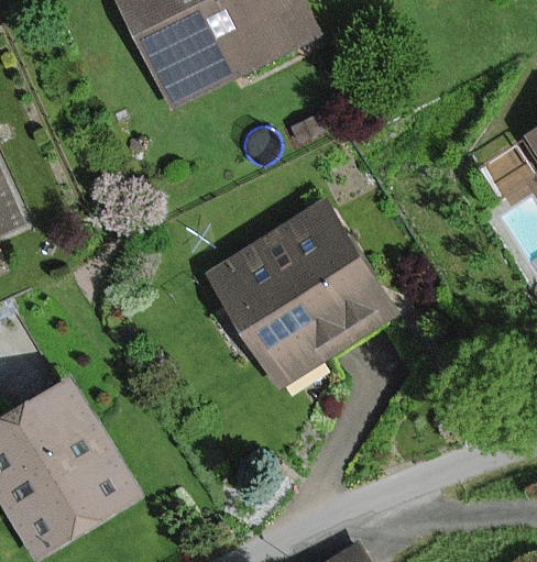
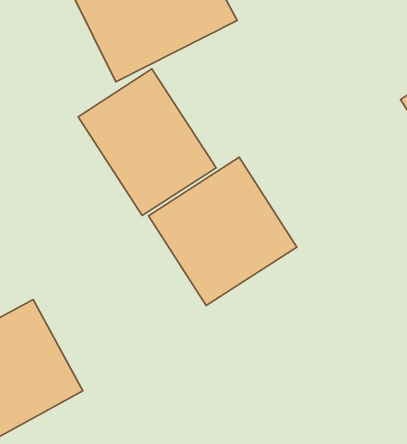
building: none -> [78,69,216,216]

